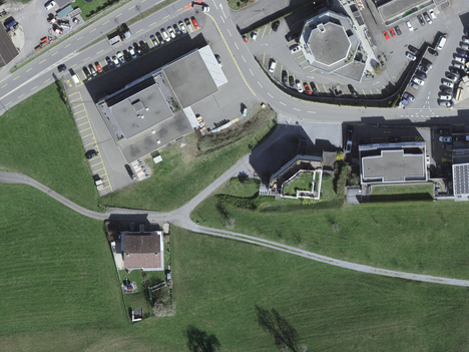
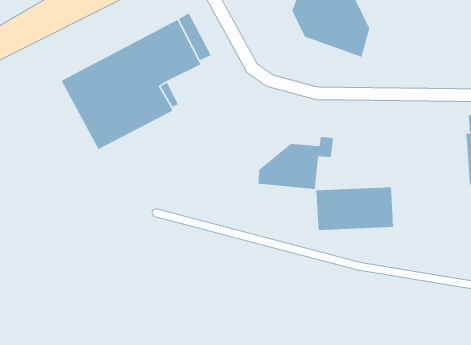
building: [358,143,427,183] -> [315,186,394,231]
building: [123,233,160,266] -> none

